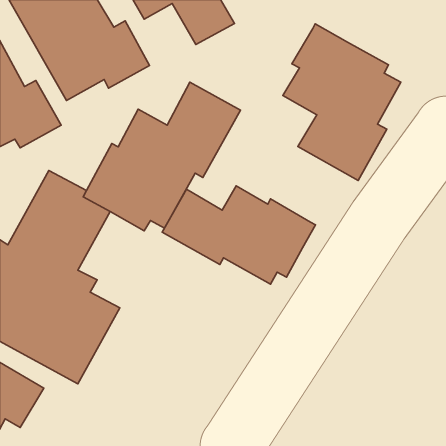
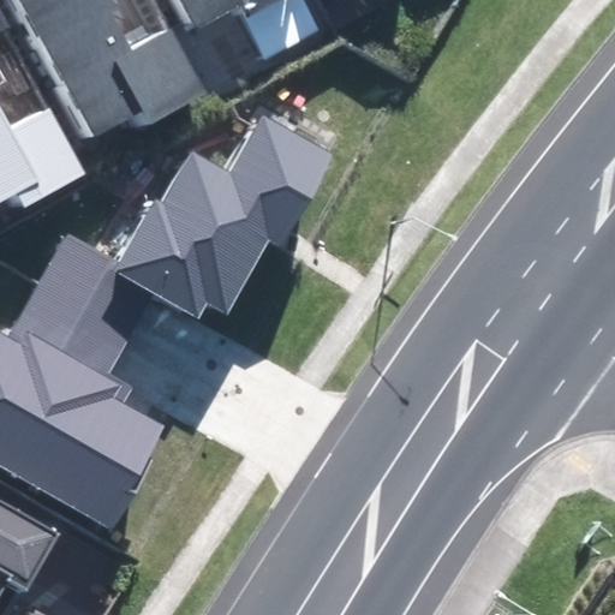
building: [283,24,401,181] -> none
building: [162,186,316,284] -> none

